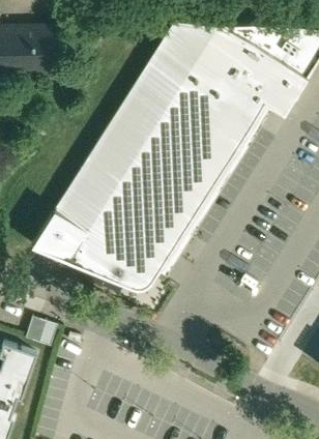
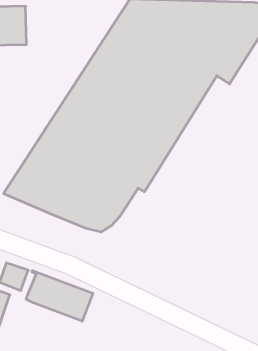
building: none -> [26,271,93,321]

